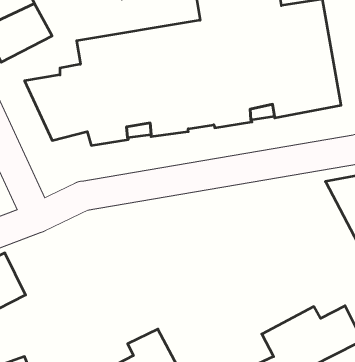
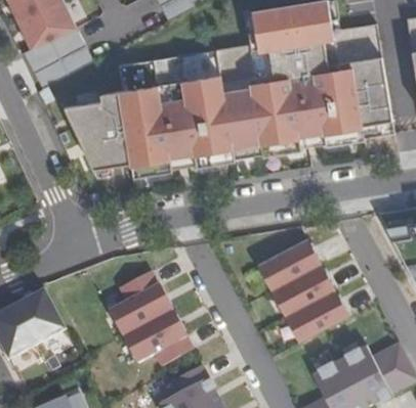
building: none -> [258,238,348,343]
building: none -> [110,272,194,366]

